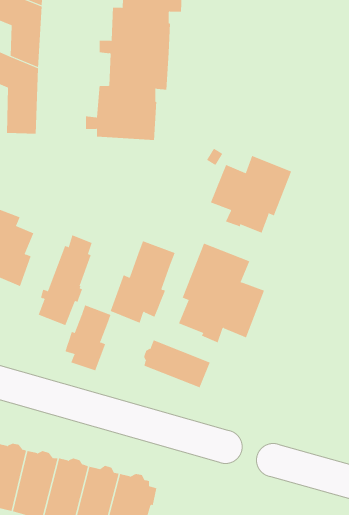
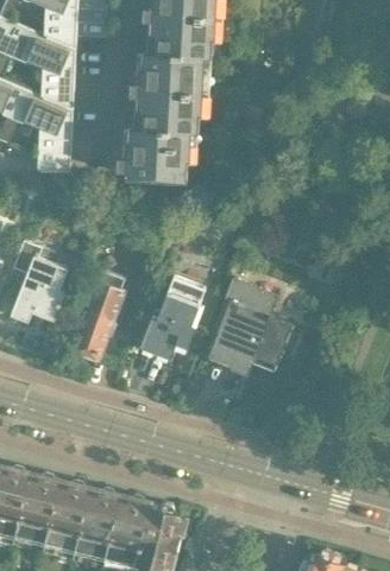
building: [210,155,292,233] -> none
building: [65,305,111,371] -> none
building: [144,340,211,388] -> none

